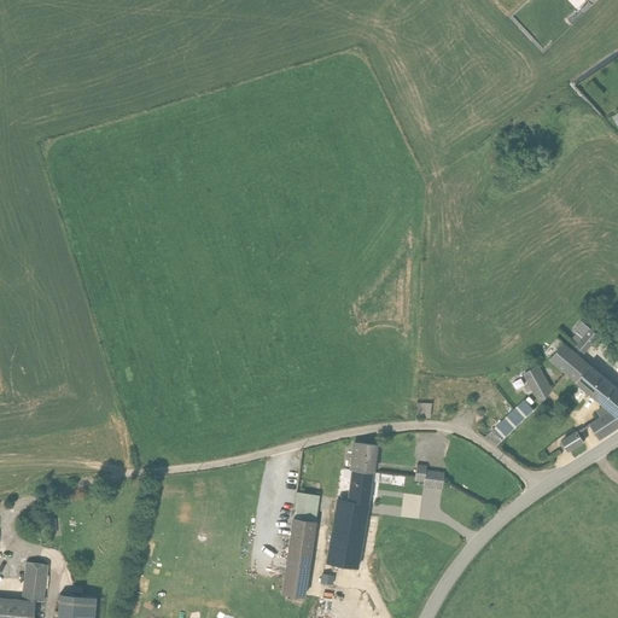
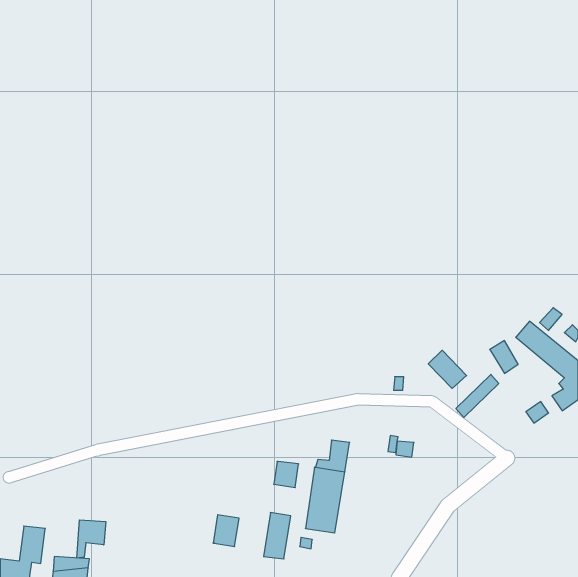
building: none -> [428,350,467,388]
building: [349,442,377,473] -> none
building: [287,518,315,552] -> [213,515,239,547]
building: none -> [77,520,106,558]

